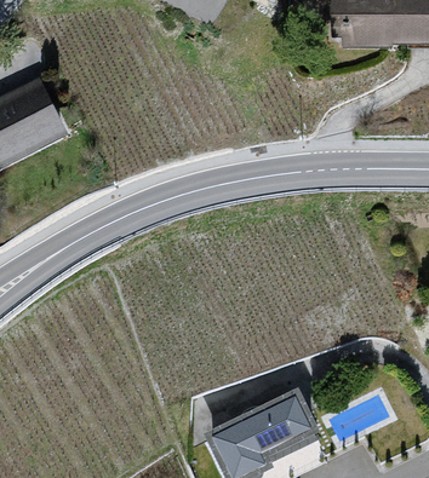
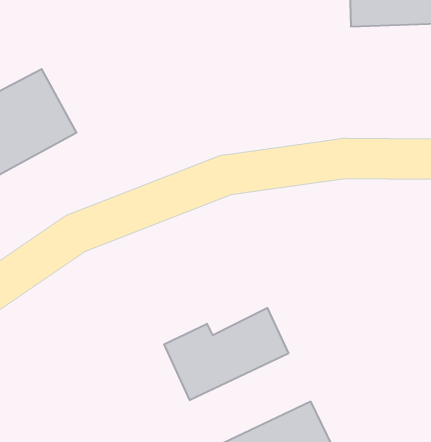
building: none -> [164,308,288,400]

